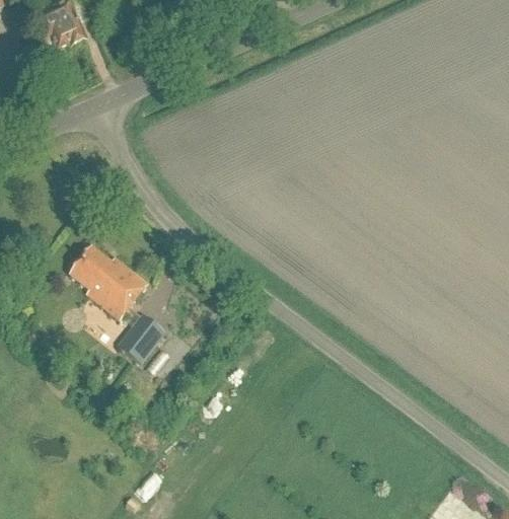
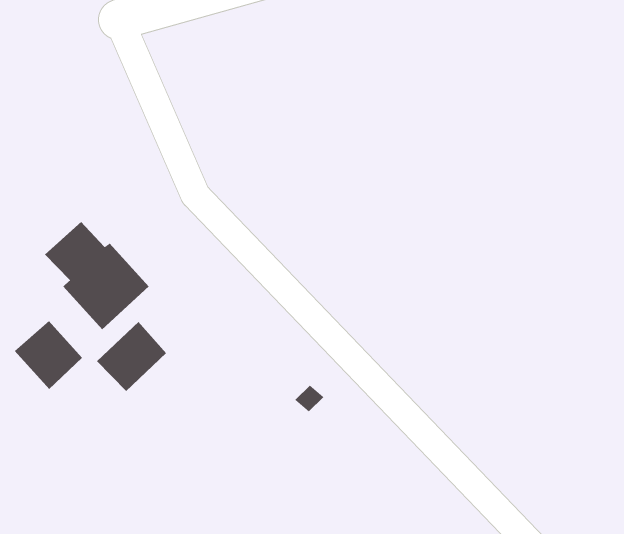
building: none -> [14,320,83,390]

